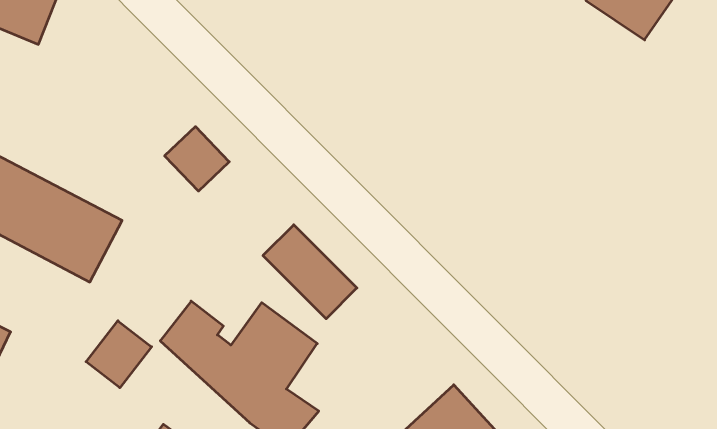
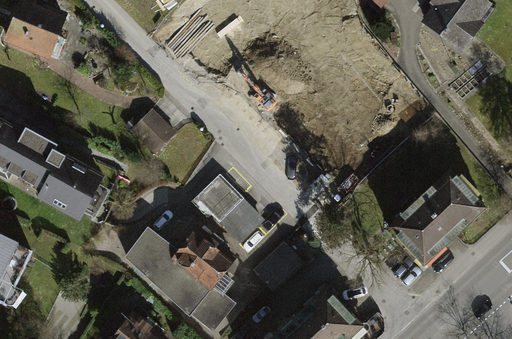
building: none -> [387,174,480,266]
building: none -> [252,240,305,292]
building: [86,321,152,388] -> none

